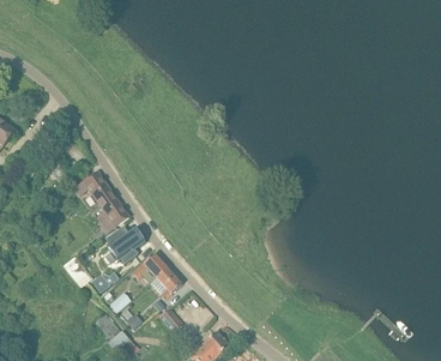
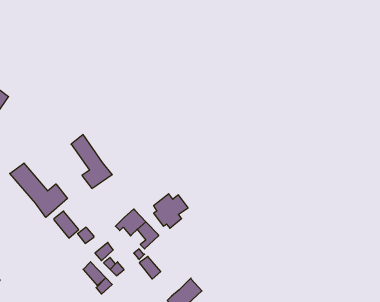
building: none -> [10,163,67,217]
building: [107,225,145,264] -> [154,194,188,228]

